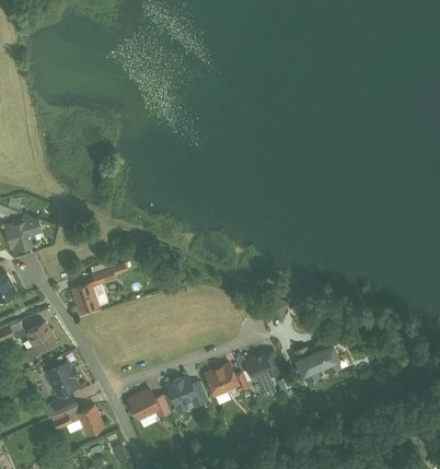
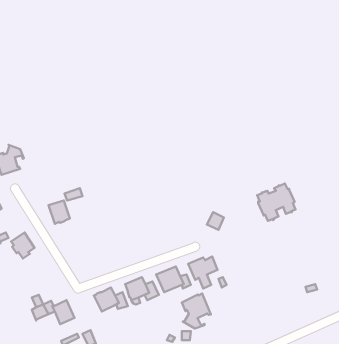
building: [292,337,339,383] -> [257,184,296,221]
building: [45,362,77,395] -> none
building: none -> [182,294,211,329]

